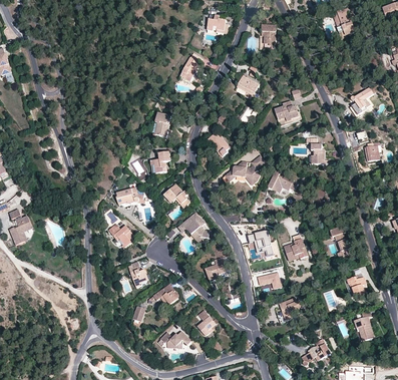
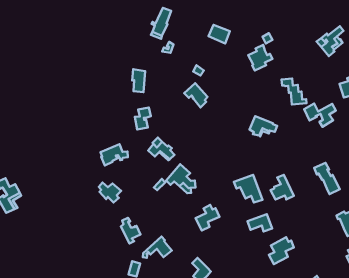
building: [228,154,265,183] -> none
building: none -> [304,103,336,127]

